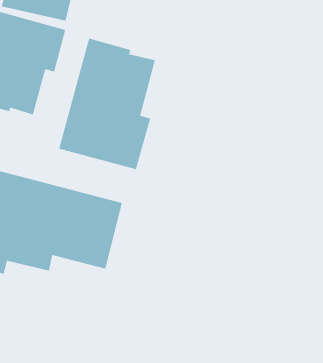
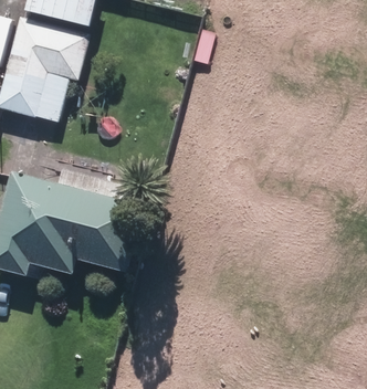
building: [58,38,156,170] -> none

